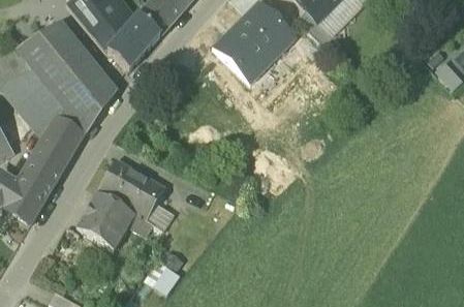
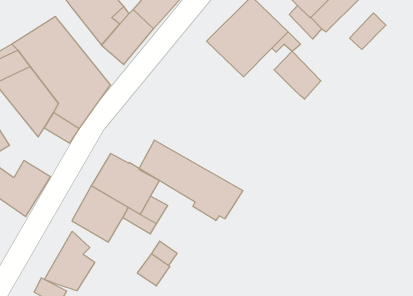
building: none -> [350,13,386,49]
building: none -> [274,51,321,99]
building: [29,132,75,182] -> none
building: none -> [139,140,243,221]
building: none -> [44,231,95,291]

